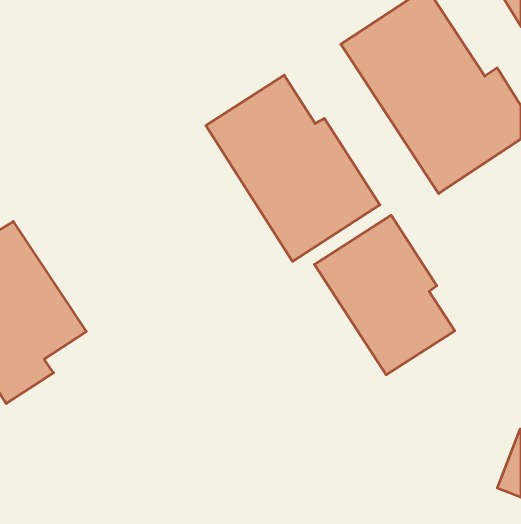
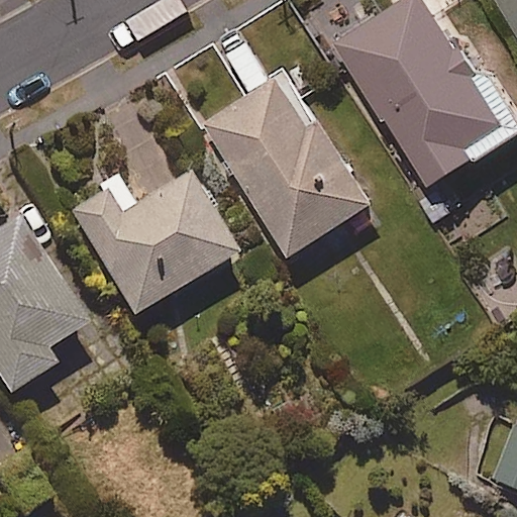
building: none -> [68,174,235,316]
building: [314,215,455,375] -> none

